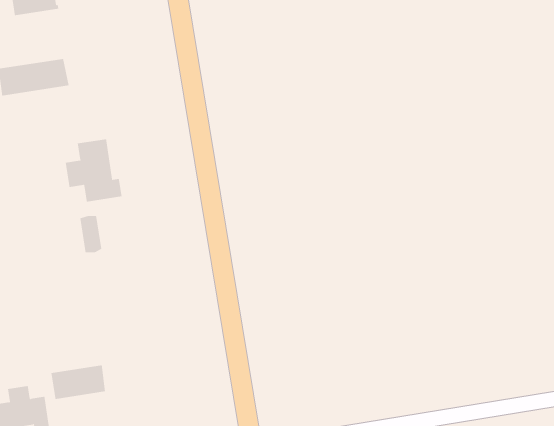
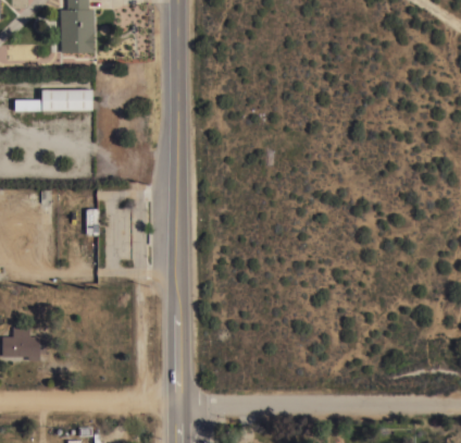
building: [65,138,122,202] -> none
building: [51,365,105,400] -> none

